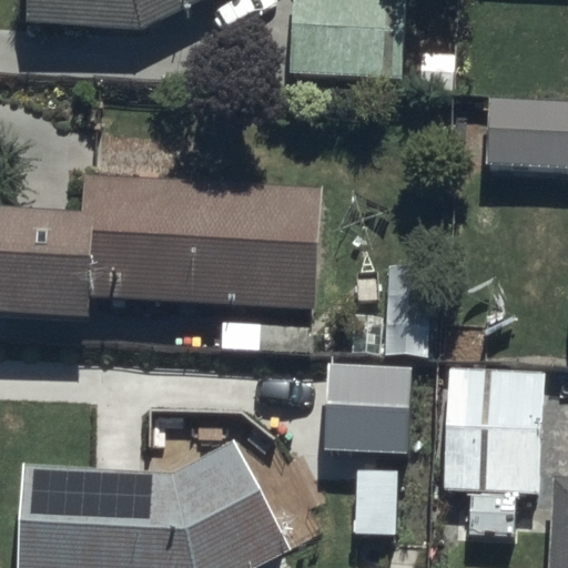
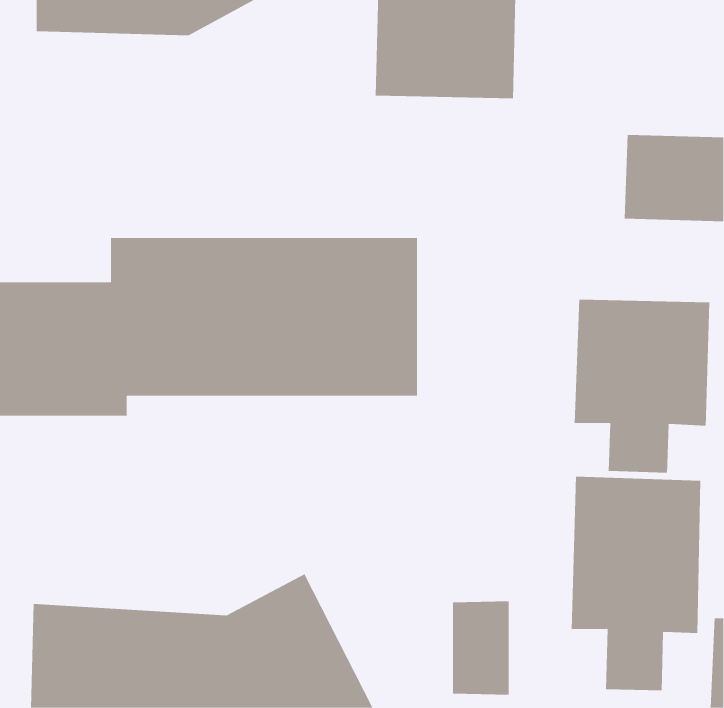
building: none -> [574,299,710,473]
building: [326,367,413,452] -> none

